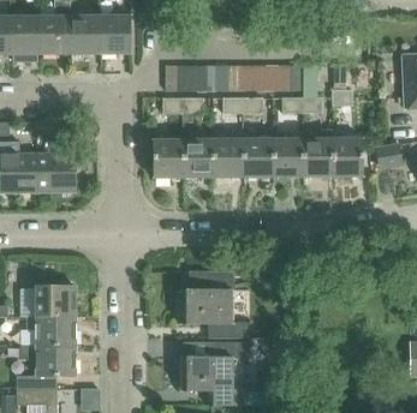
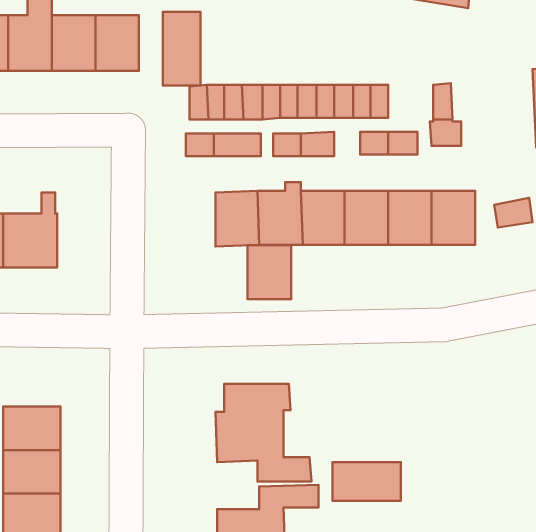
building: none -> [163,12,201,85]
building: [153,139,183,176] -> [248,245,291,299]
building: none -> [333,462,401,501]

